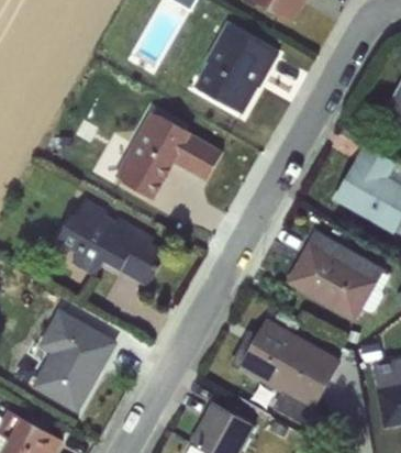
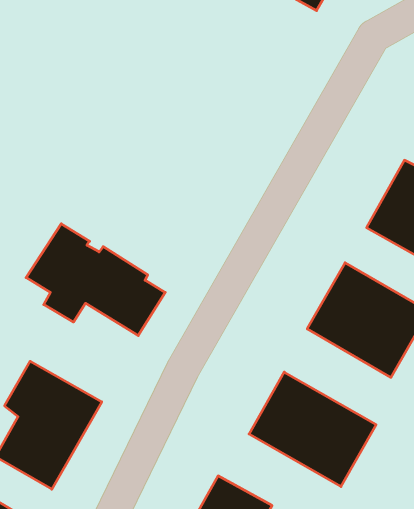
building: [192,23,278,114] -> none
building: [114,112,222,199] -> none

